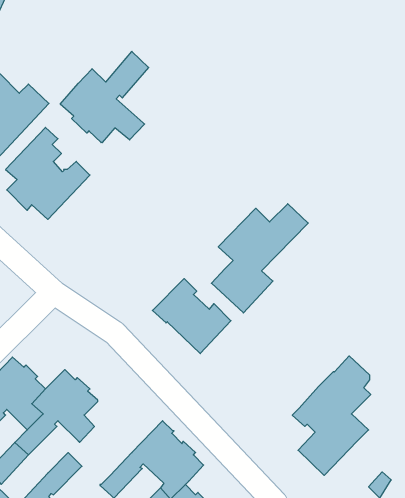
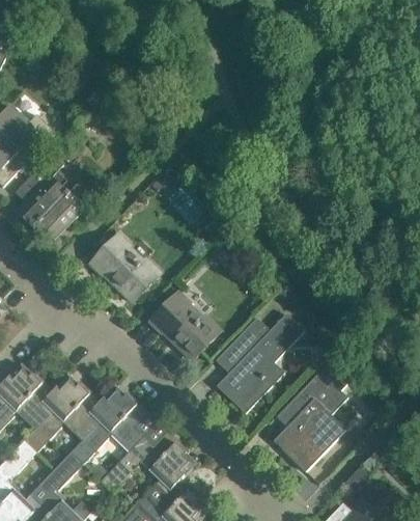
building: [60,51,149,143] -> none
building: [211,204,308,313] -> [216,314,304,414]
building: none -> [89,235,161,303]
building: none -> [72,386,158,464]

